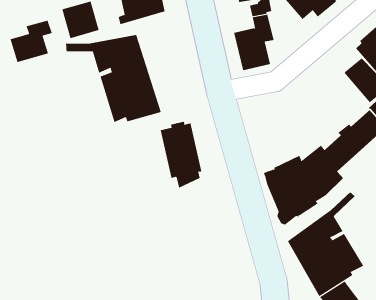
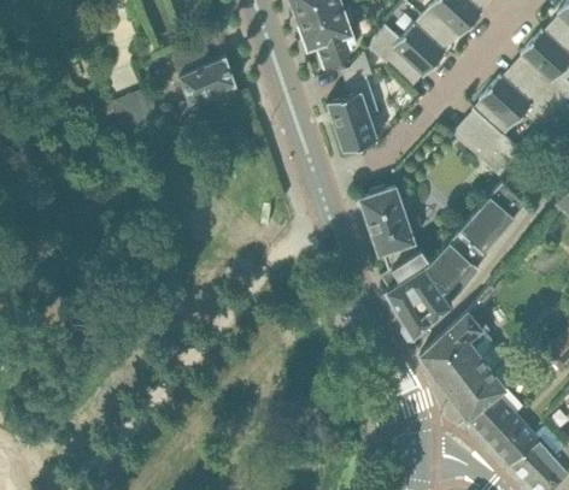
building: [10,20,52,63] -> none
building: [65,34,162,123] -> none
building: [160,121,202,188] -> [359,184,417,267]

